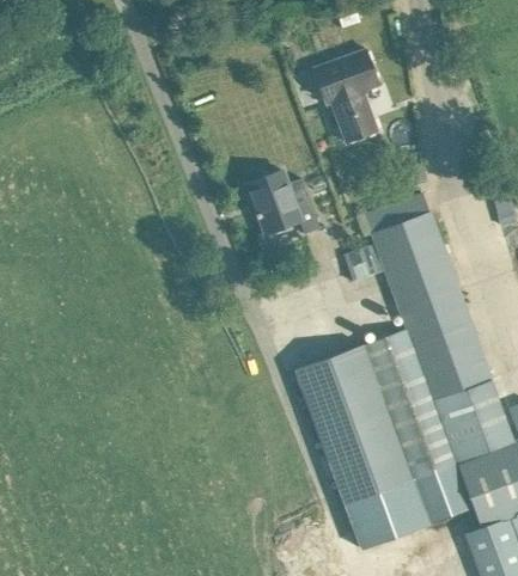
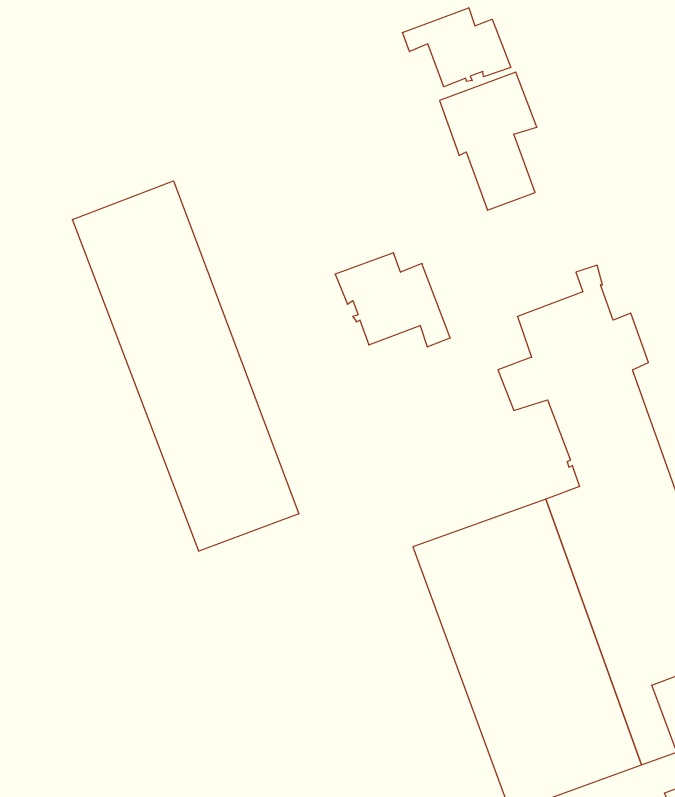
building: none -> [402,8,511,87]
building: none -> [72,181,299,551]

